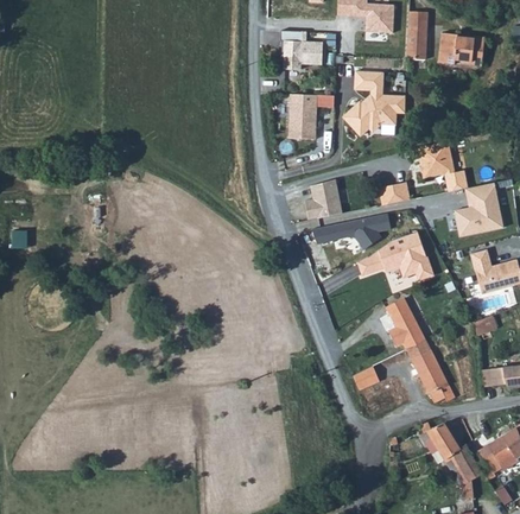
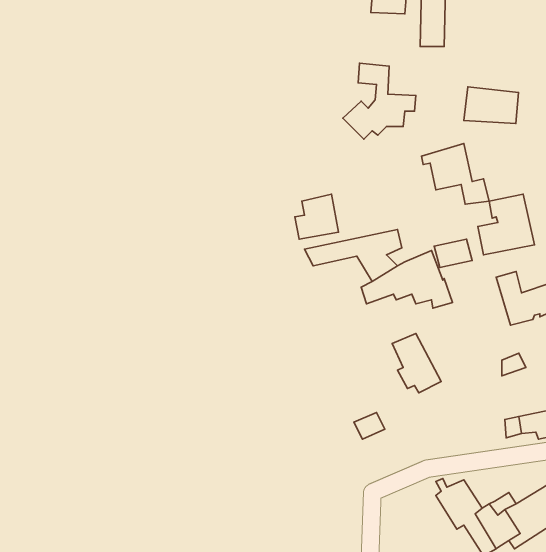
building: [279,28,322,70] -> none
building: [439,34,486,65] -> [464,87,519,123]
building: [287,95,315,140] -> none
building: [376,183,408,207] -> [434,239,472,267]
building: [407,341,456,402] -> none

